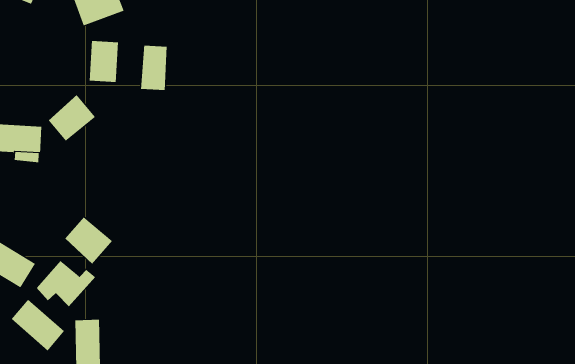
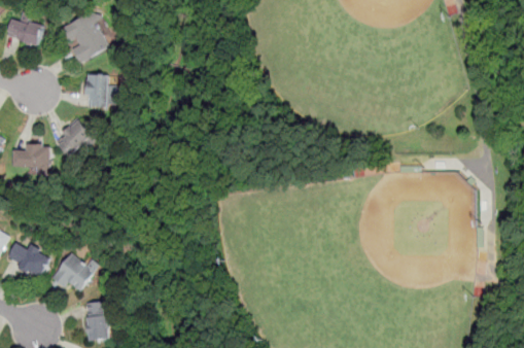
building: [140,45,167,91] -> none
building: [65,216,113,264] -> none
building: [11,299,65,351] -> none

